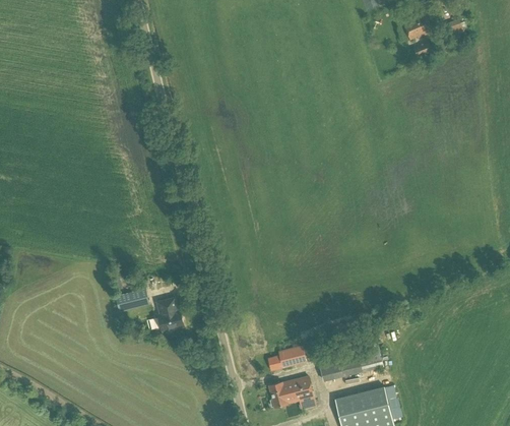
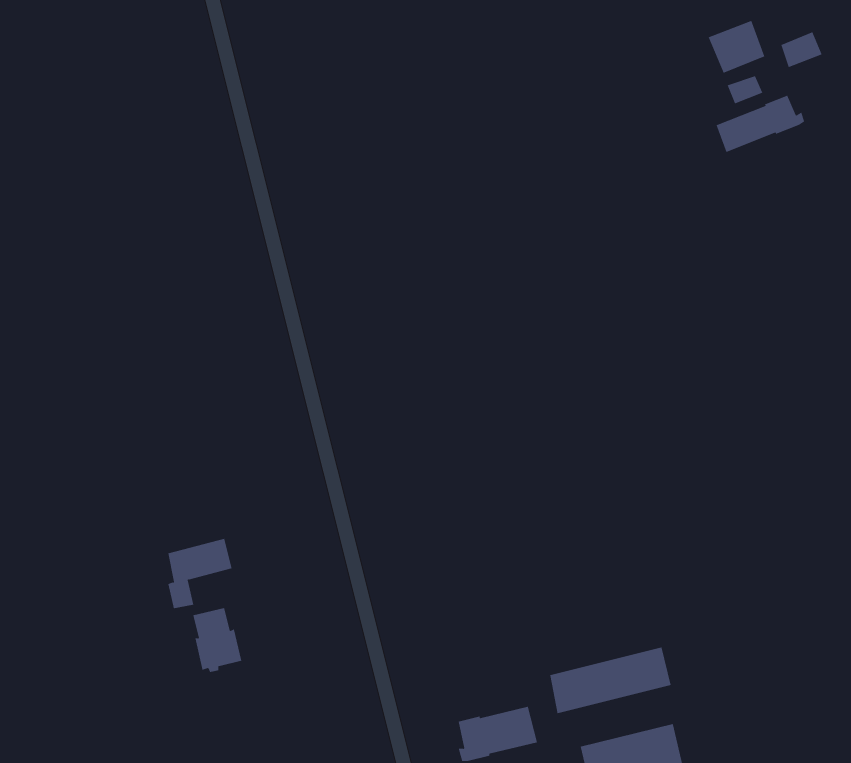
building: none -> [716,95,805,153]
building: [157,298,184,332] -> [192,607,242,672]
building: [266,345,307,372] -> none

